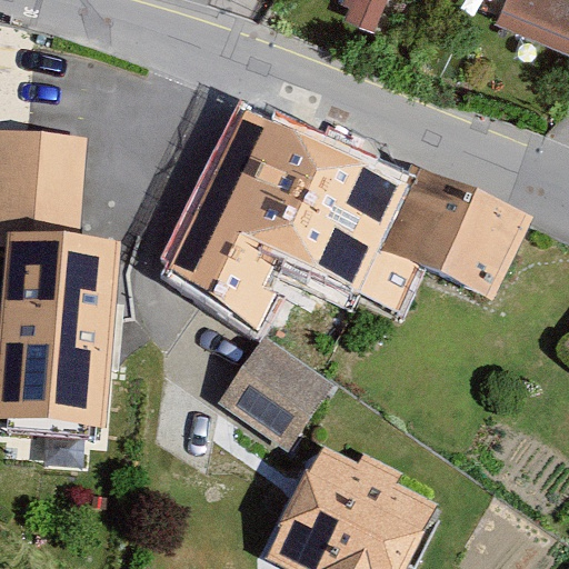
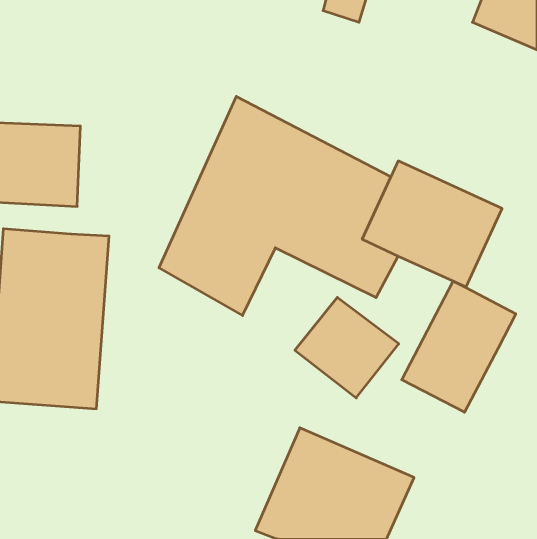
building: none -> [402,281,516,412]
building: [218,341,327,447] -> [295,297,399,398]

